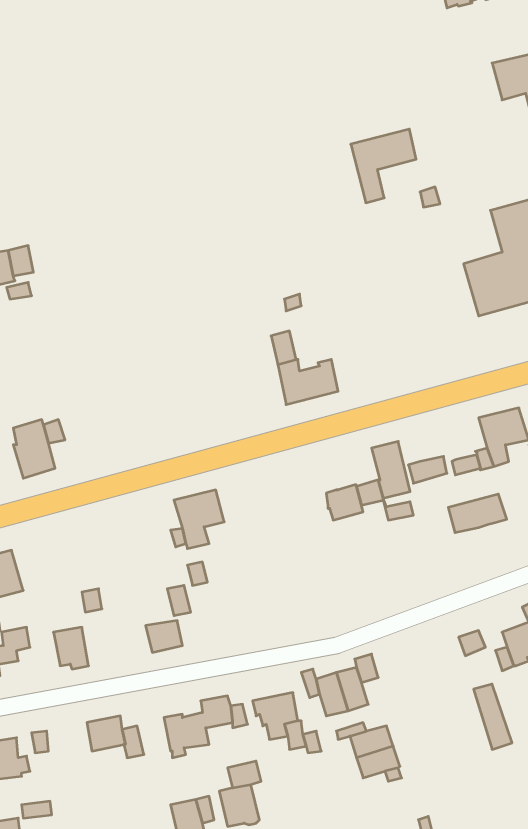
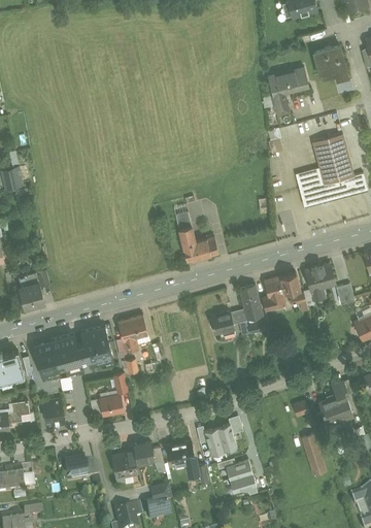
building: [351,129,416,203] -> [267,67,307,112]
building: [448,494,507,533] -> [264,273,300,297]
building: none -> [34,327,111,376]

